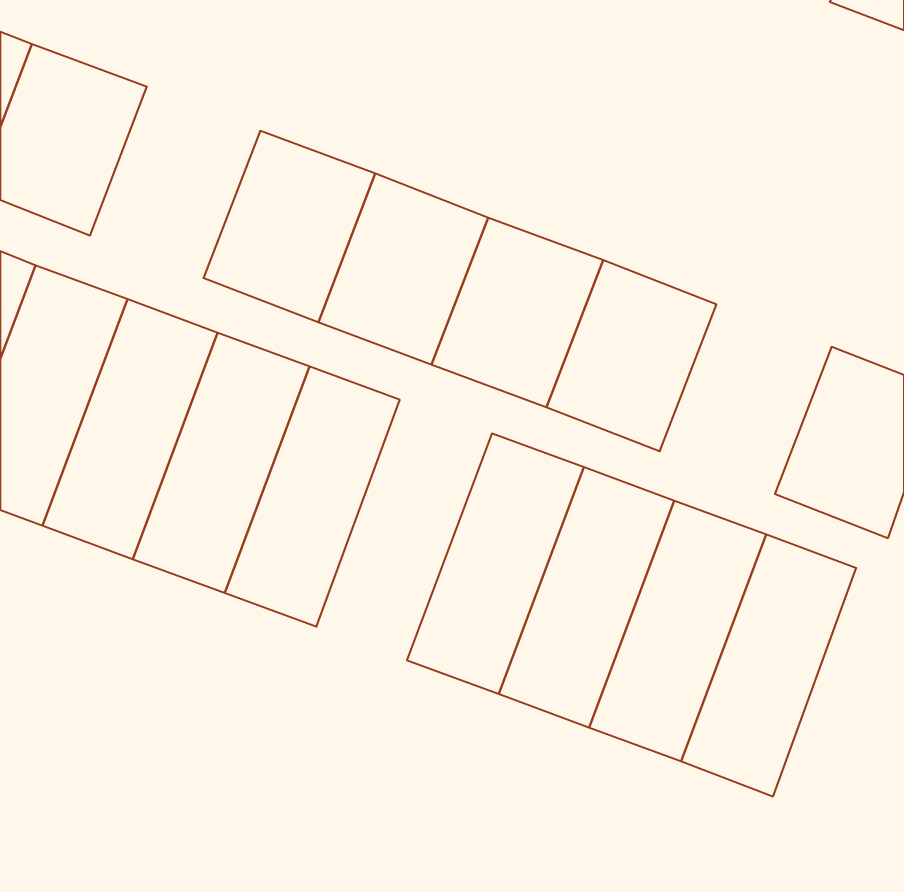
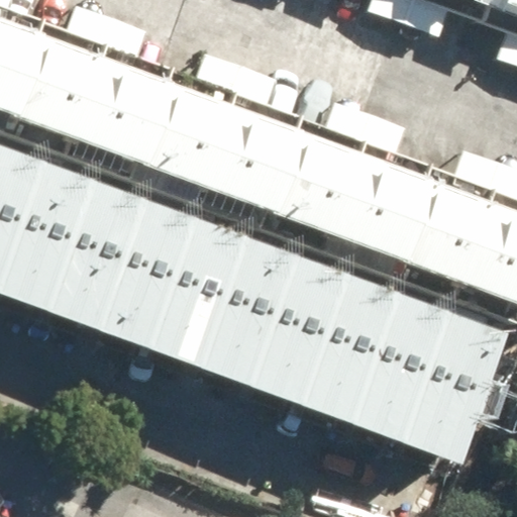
building: none -> [51,49,148,159]
building: none -> [377,174,475,282]
building: none -> [181,228,281,377]

